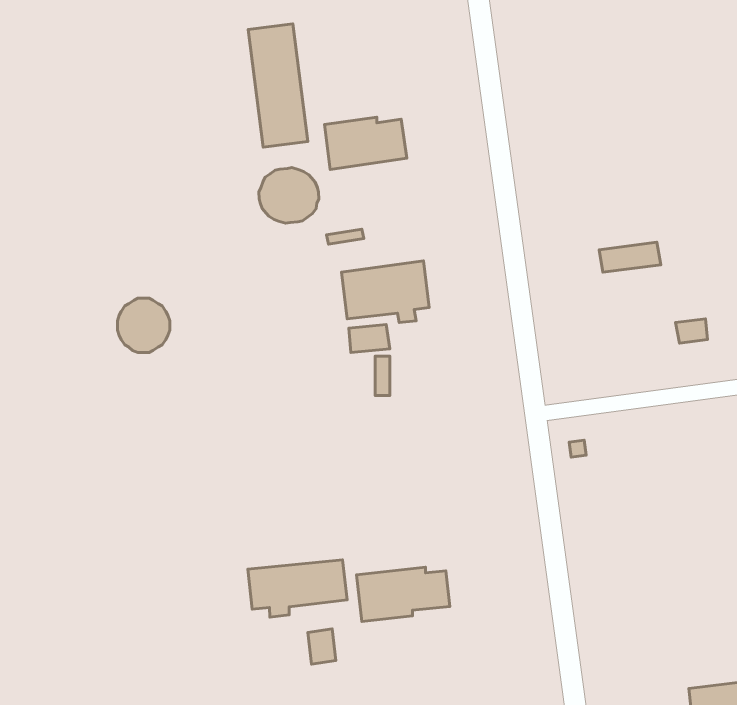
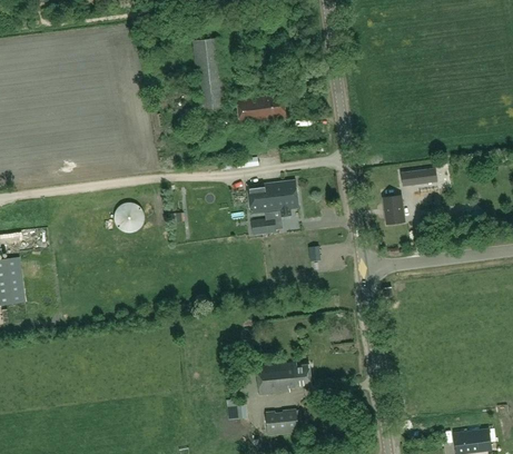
building: [259,168,319,223] -> none
building: none -> [383,195,405,224]
building: [248,560,347,617] -> none
building: none -> [265,408,298,434]

